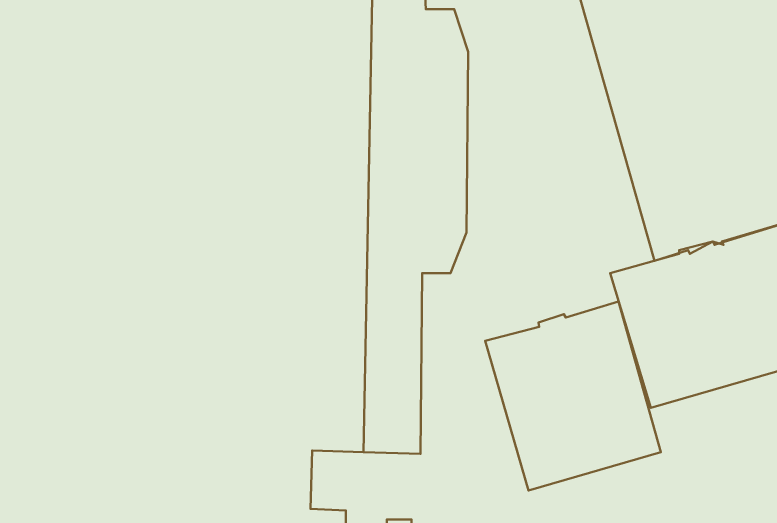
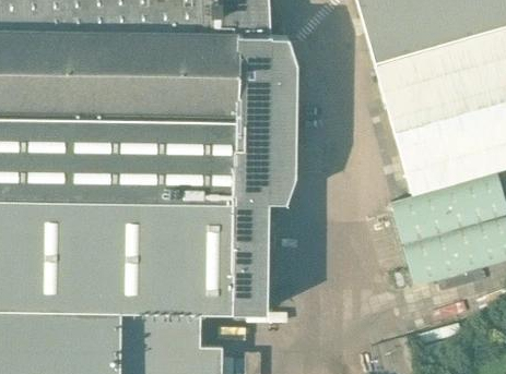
building: [485,302,661,491] -> none

